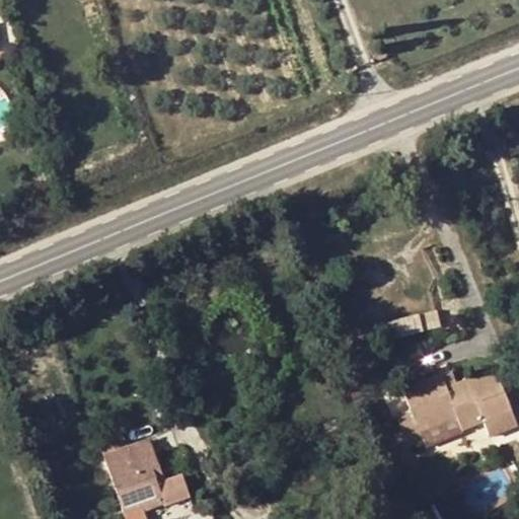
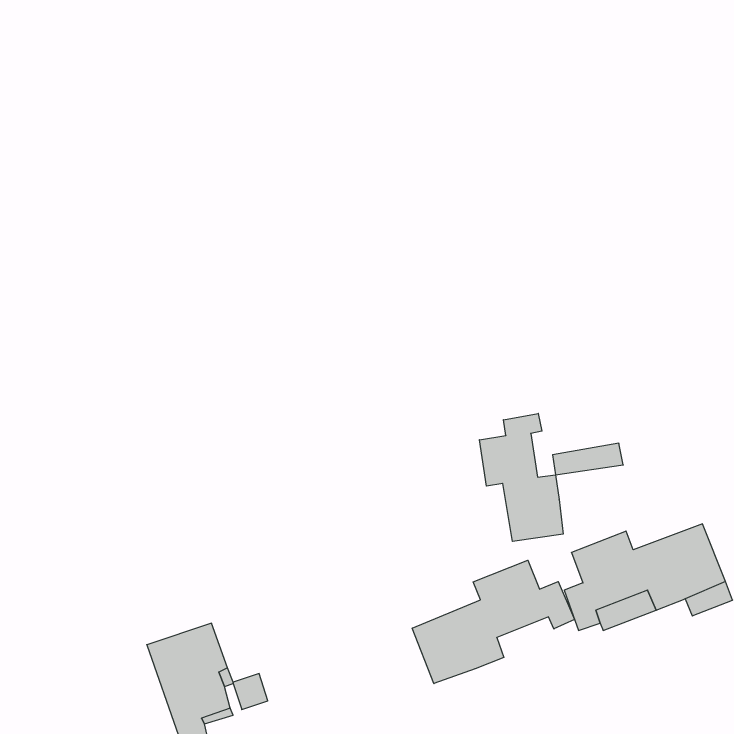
building: none -> [479,413,563,541]
building: none -> [412,560,575,684]

